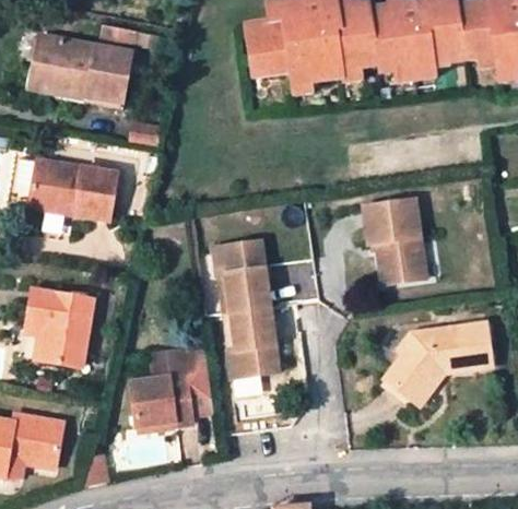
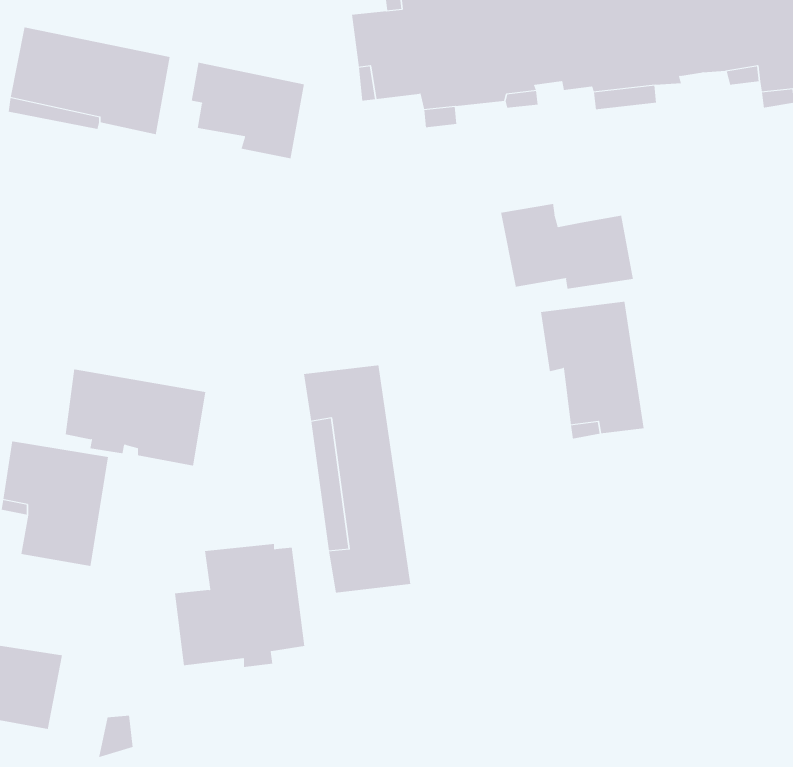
building: none -> [191,62,304,159]
building: none -> [500,203,633,290]
building: [32,157,119,217] -> [65,369,206,466]
building: [384,323,491,405] -> none

